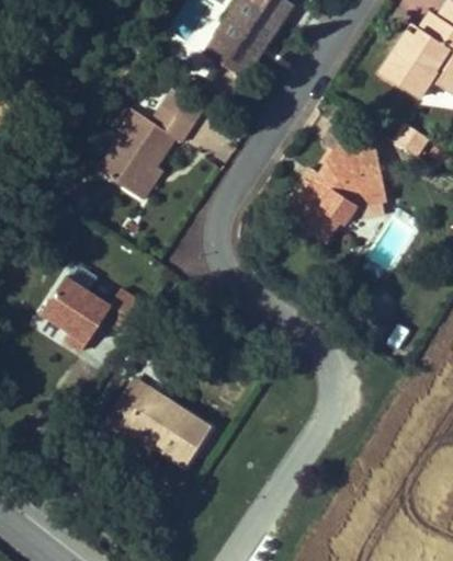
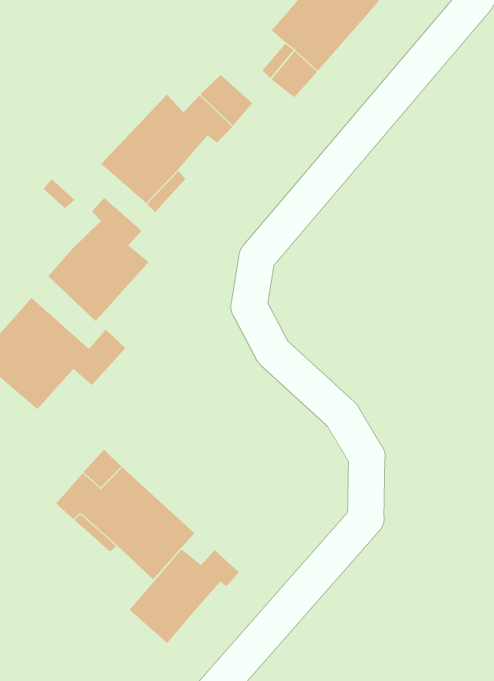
building: [284,126,388,234] -> none
building: none -> [47,197,149,322]
building: none -> [129,549,240,644]

